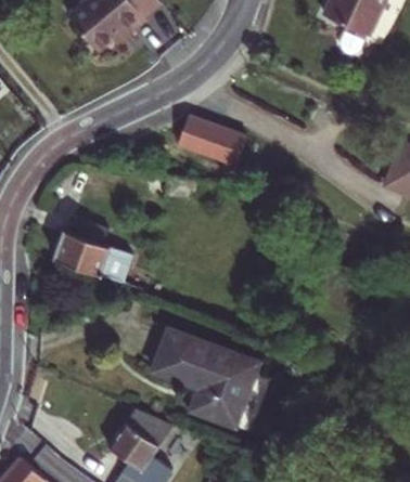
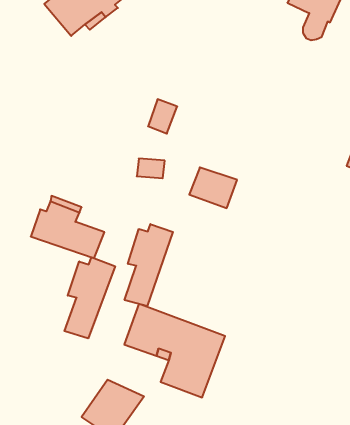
building: [197,123,247,166] -> [189,167,237,208]
building: none -> [125,224,173,306]
building: none -> [64,257,115,338]

